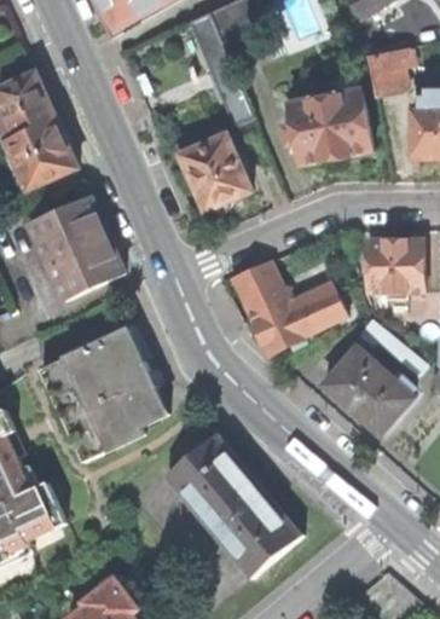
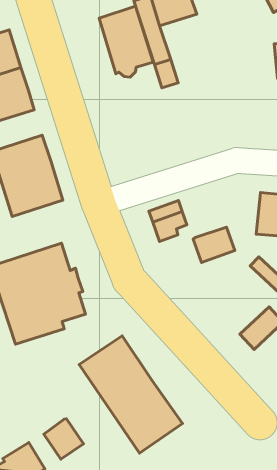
building: [283,89,371,166] -> none
building: [176,123,249,212] -> [99,6,153,77]
building: [249,287,303,351] -> none
building: [323,346,393,417] -> none
building: none -> [44,419,84,459]

